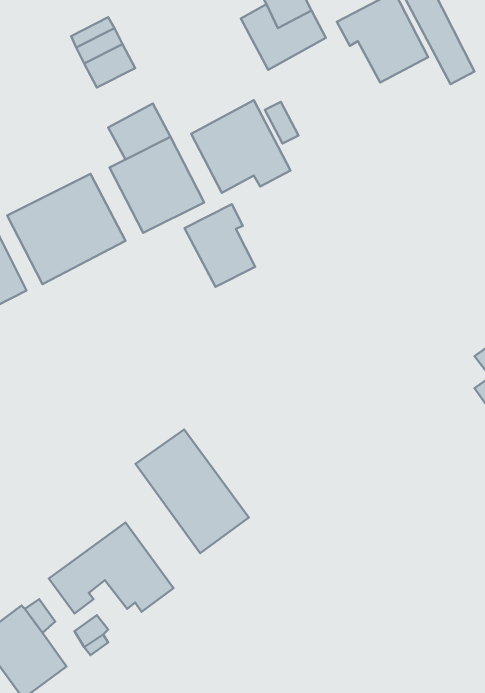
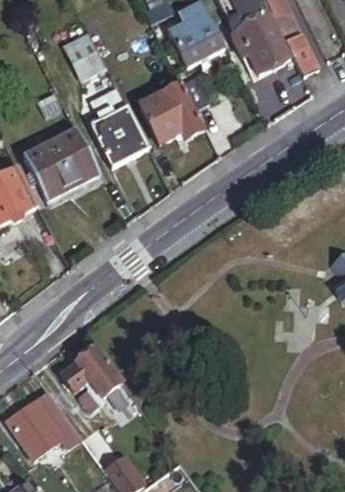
building: [184,204,255,287] -> none
building: [136,430,249,553] -> none

